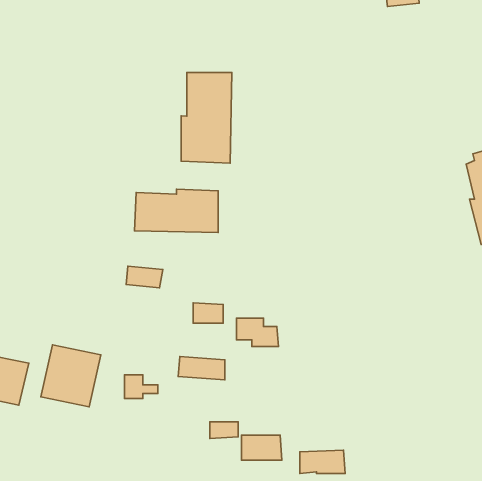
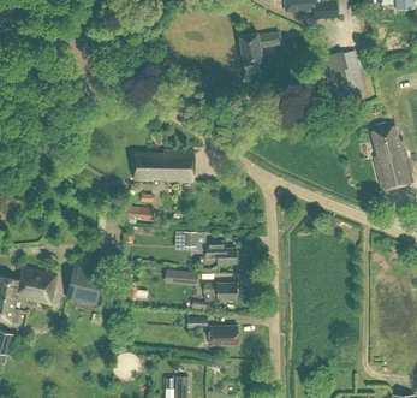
building: none -> [238,32,280,65]
building: none -> [326,51,364,103]
building: [181,72,232,163] -> none
building: [300,450,345,473] -> [204,284,237,301]

